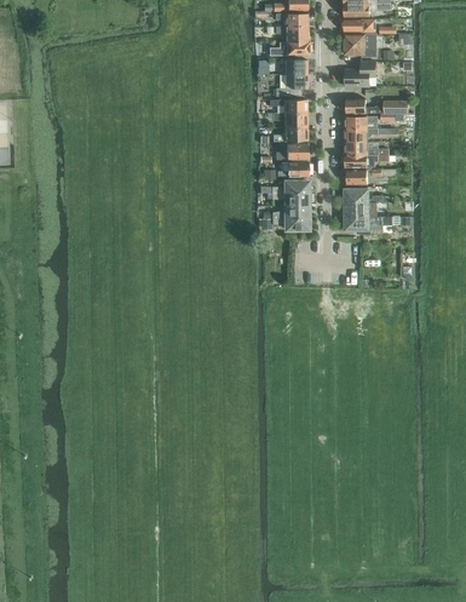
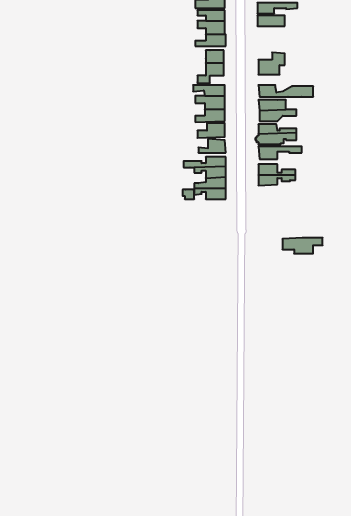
building: [345,35,375,56] -> none
building: [345,216,391,234] -> [282,238,323,254]

